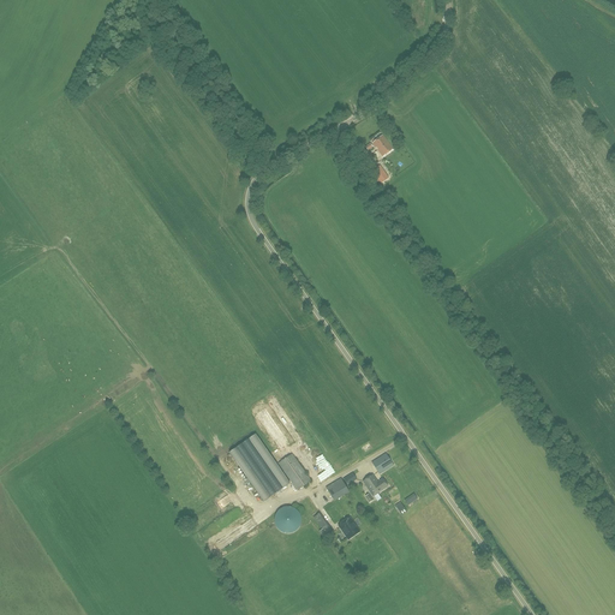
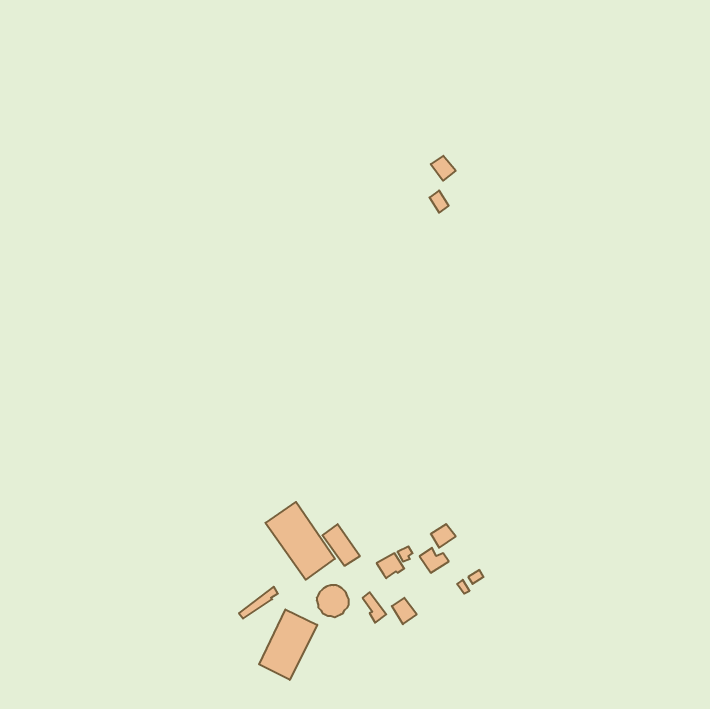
building: none -> [259,609,317,680]

